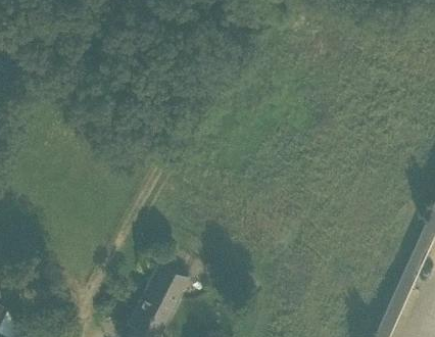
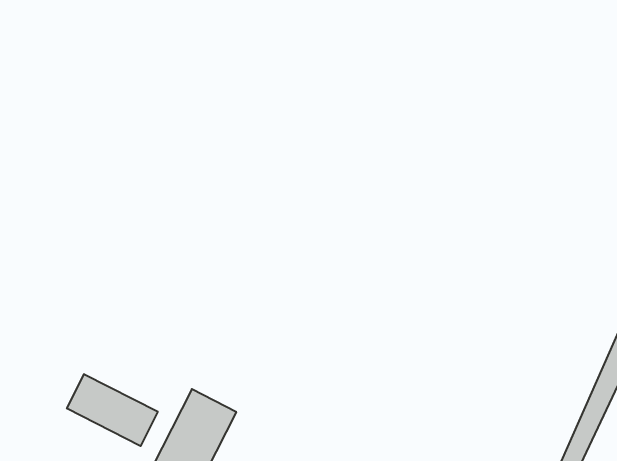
building: none -> [67,374,158,446]

